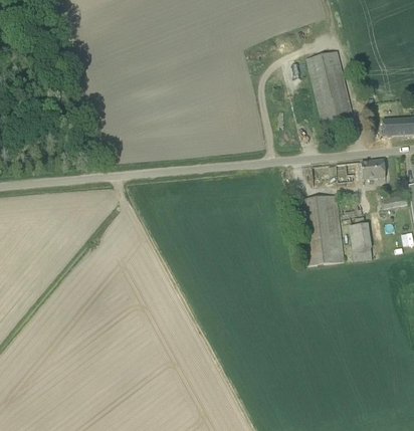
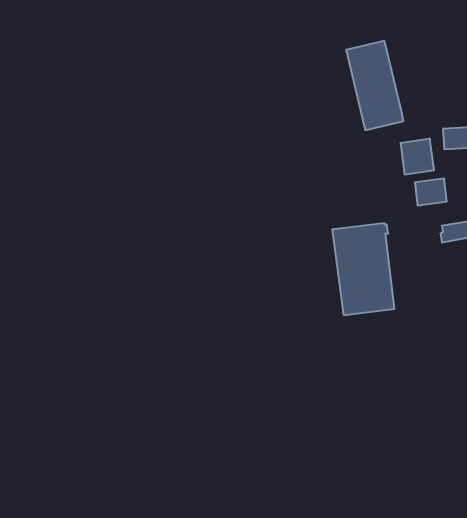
building: none -> [401,138,434,175]
building: [351,223,372,259] -> none

